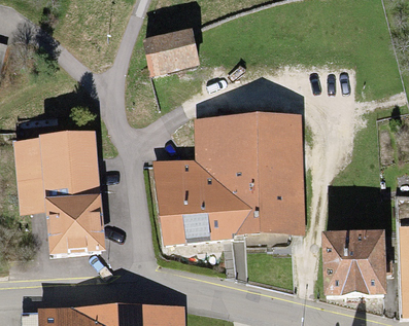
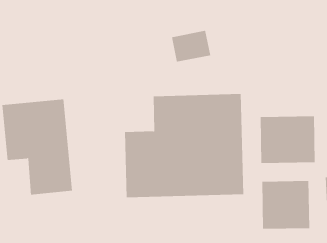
building: [144,33,192,71] -> [171,30,211,62]
building: none -> [260,116,315,164]

